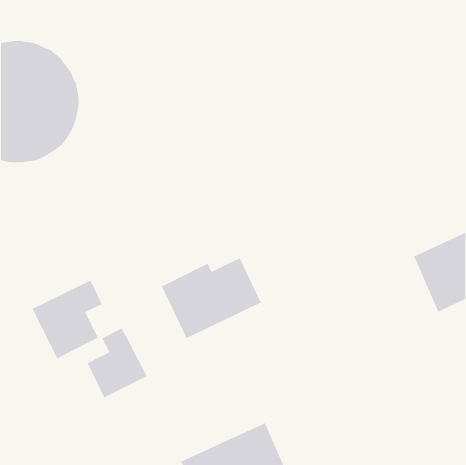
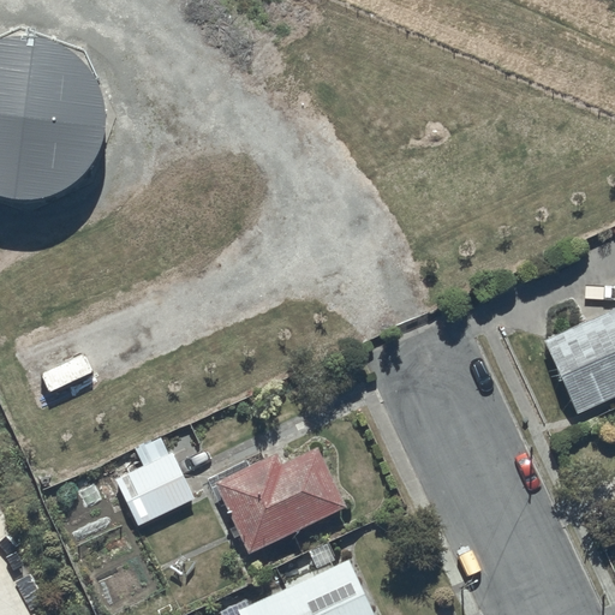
building: [161,257,262,339] -> [214,444,347,553]
building: [31,280,103,359] -> none

